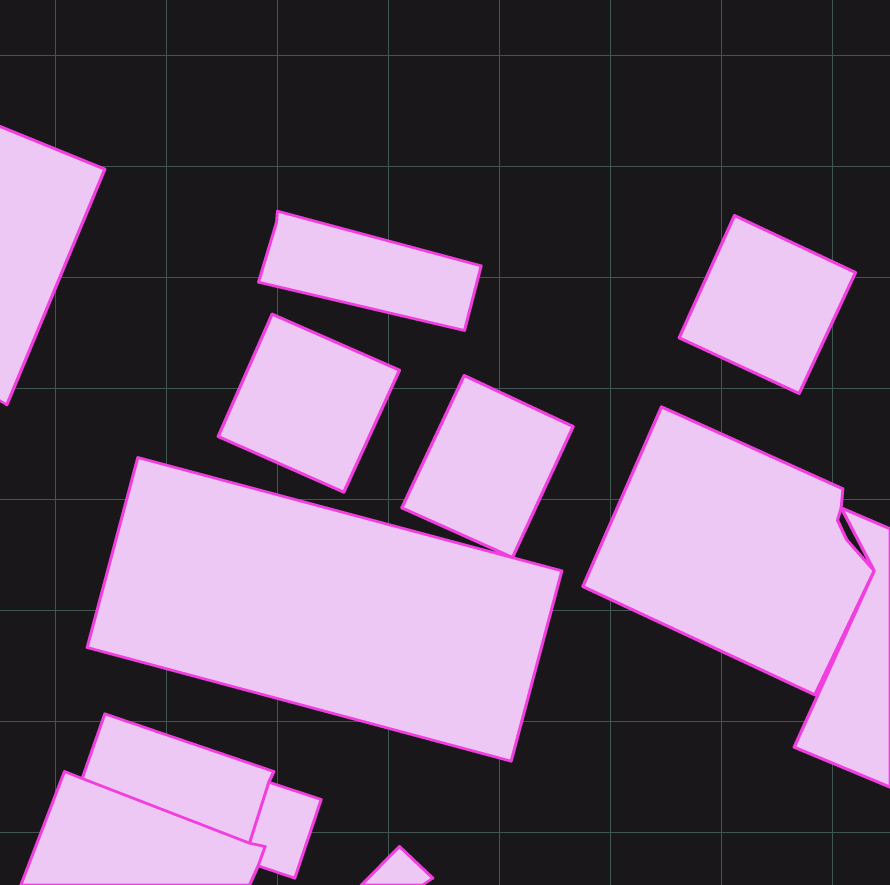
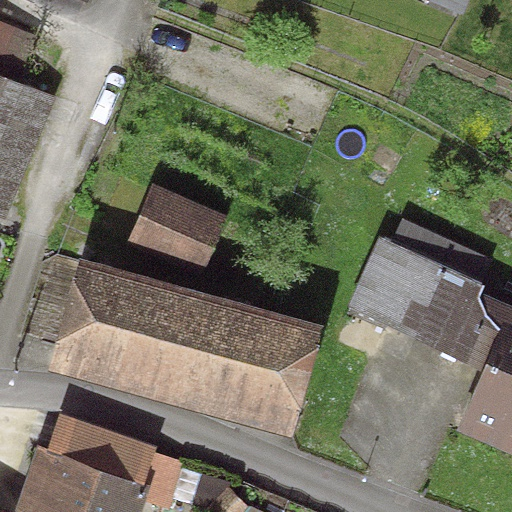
building: [259,211,481,330] -> none
building: [679,215,856,394] -> none
building: [402,376,573,558] -> none

